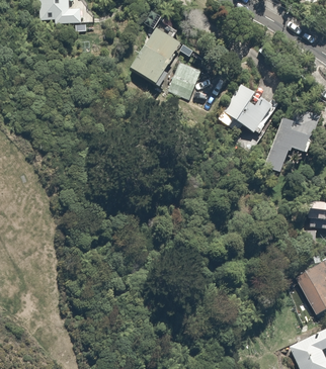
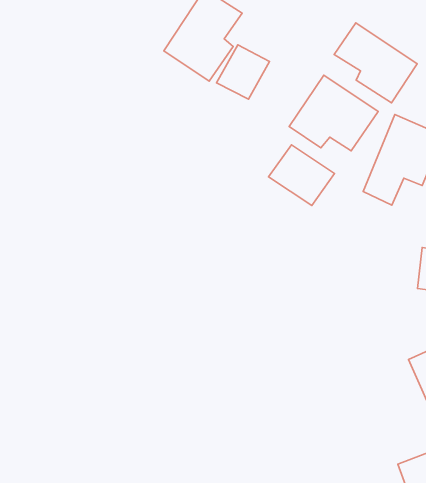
building: none -> [334,23,417,103]
building: none -> [269,145,335,206]

